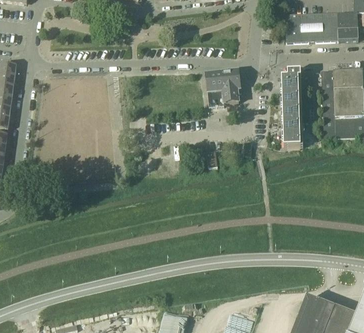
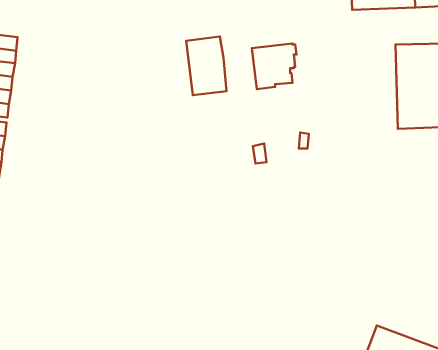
building: none -> [186,37,226,95]
building: [282,69,313,146] -> none

